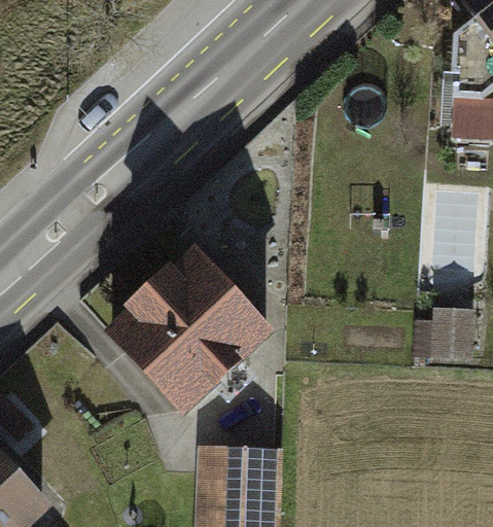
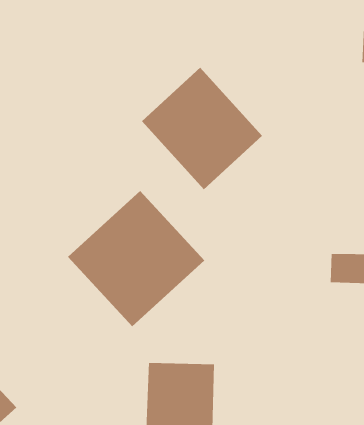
building: none -> [141,67,263,190]

